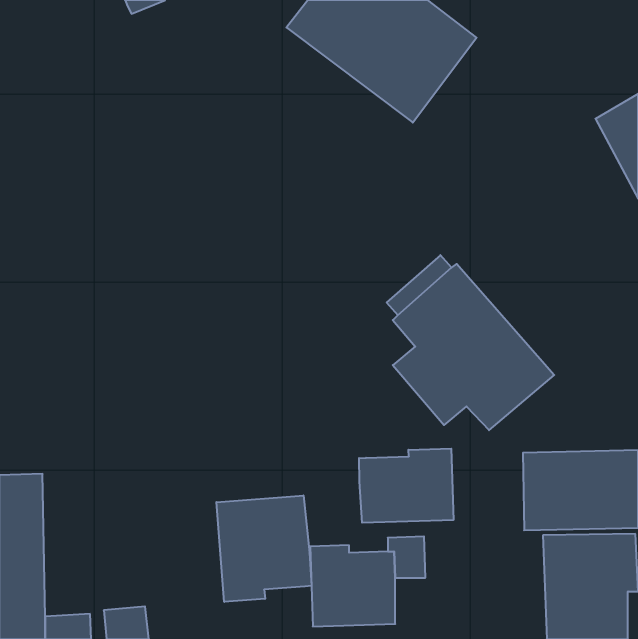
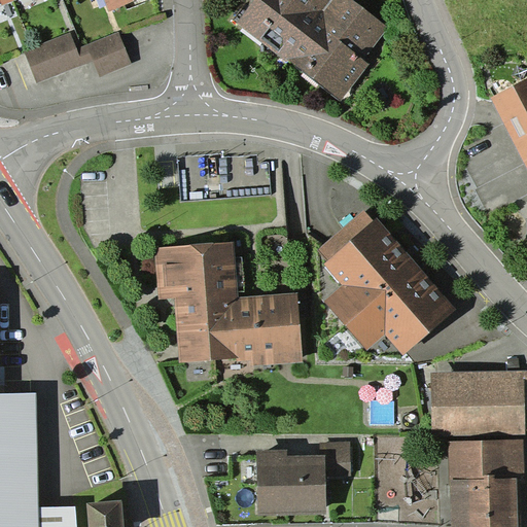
building: none -> [24,32,131,83]
building: none -> [153,241,302,365]
building: [359,449,453,523] -> none
building: [216,495,311,602] -> none

